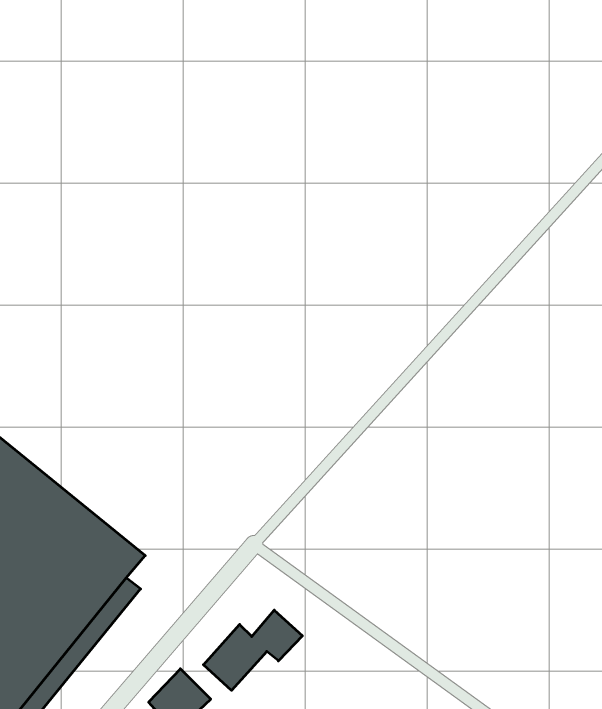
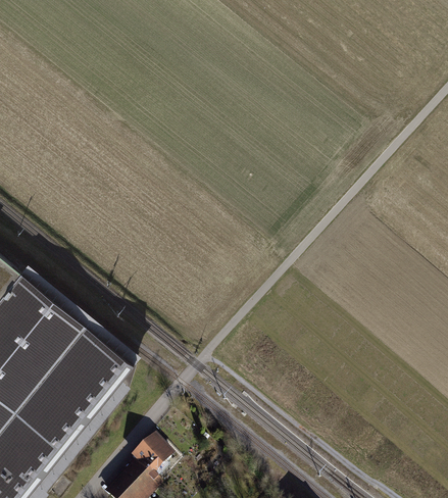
building: [203,610,302,690] -> none

